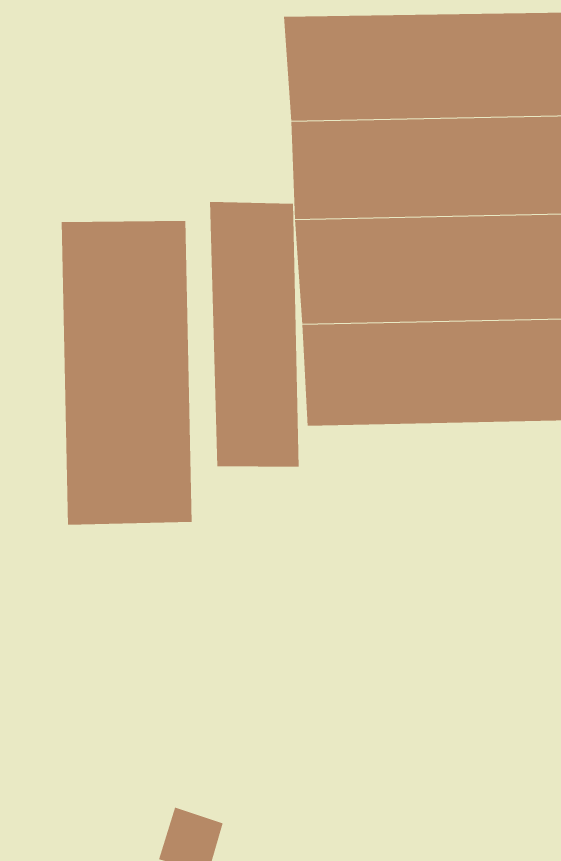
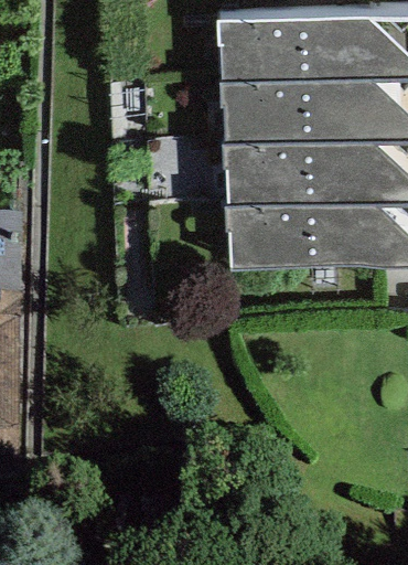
building: [210,201,299,468] -> none
building: [61,220,192,525] -> none

